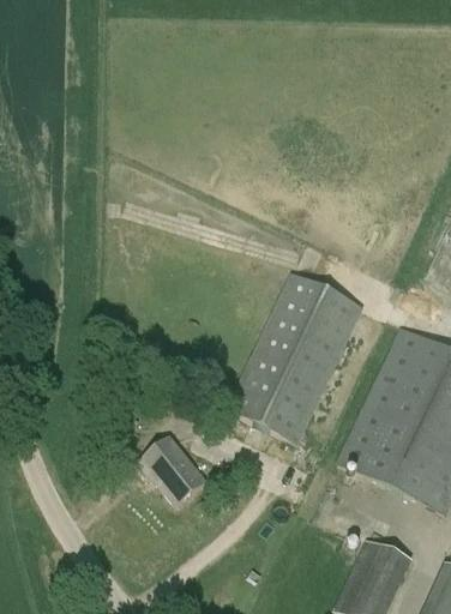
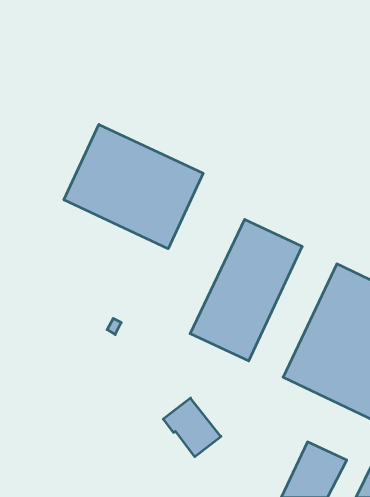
building: none -> [64,124,203,249]
building: [138,435,206,505] -> [163,398,221,457]

